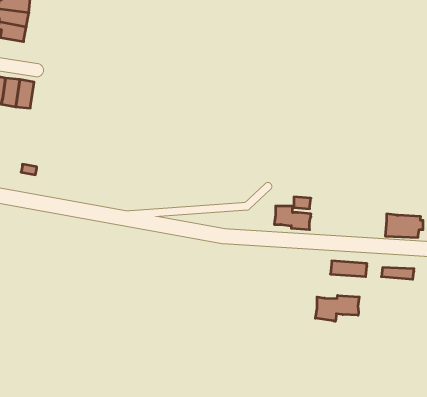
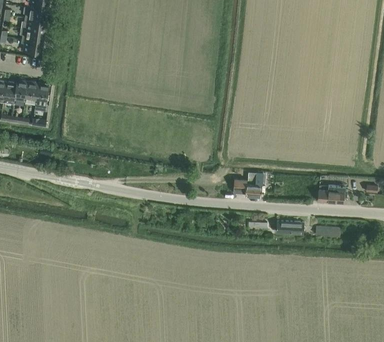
building: [315,295,359,321] -> none

